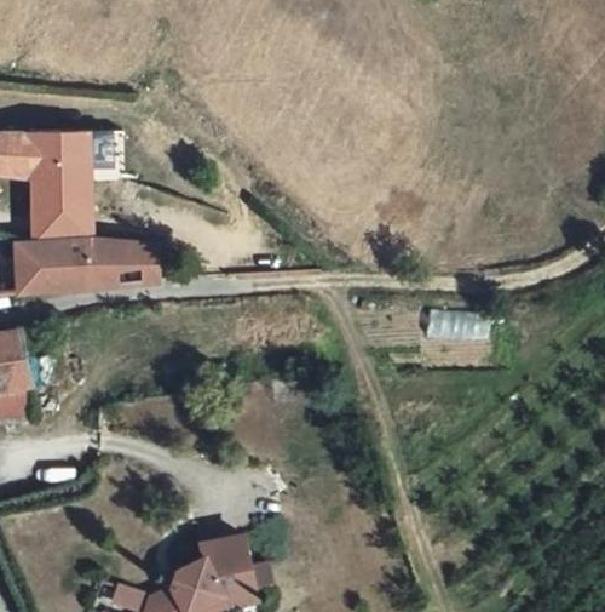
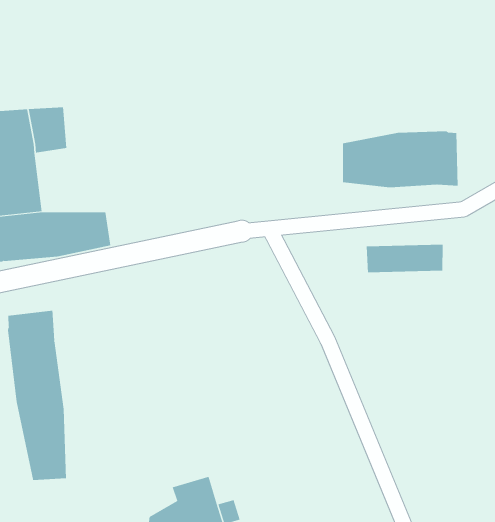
building: none -> [342,130,458,188]
building: none -> [7,310,67,481]

